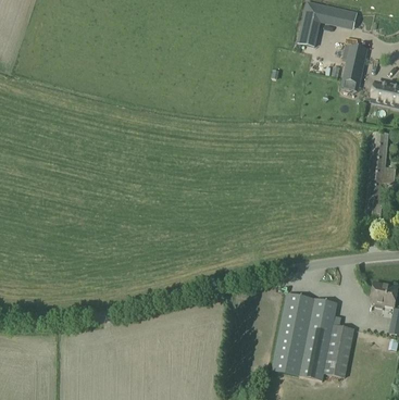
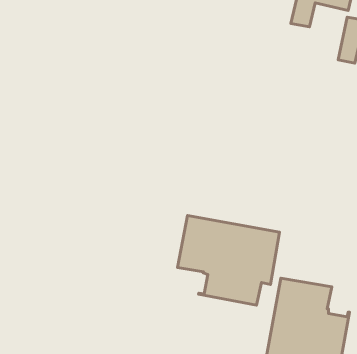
building: none -> [178,215,279,305]

